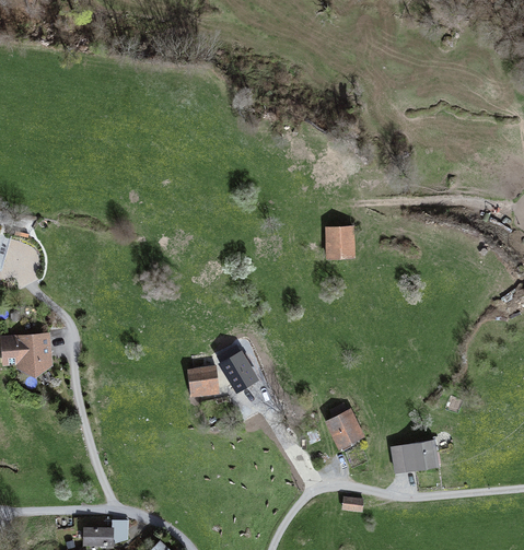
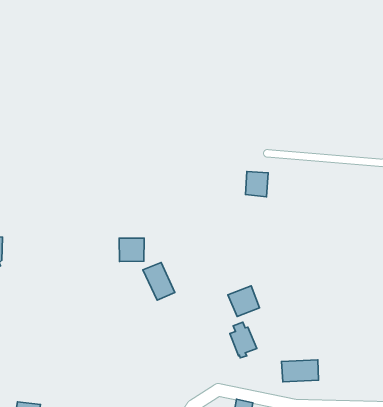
building: none -> [228,286,259,316]
building: [187,366,219,397] -> [119,238,144,261]

